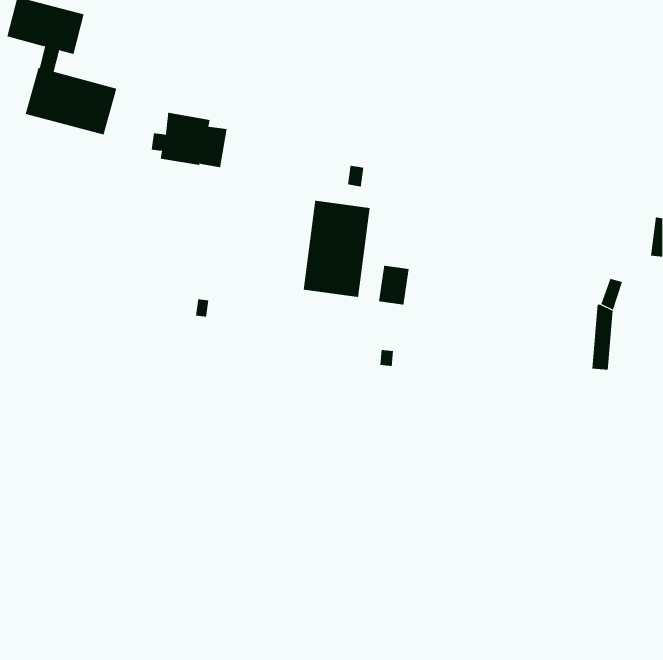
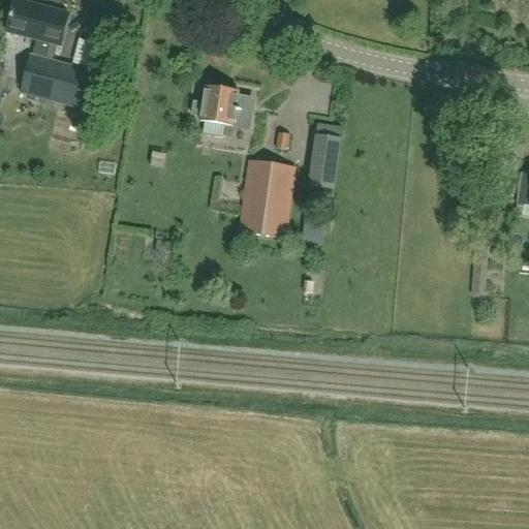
building: [151,112,227,168] -> [191,85,252,129]
building: none -> [309,123,341,188]

